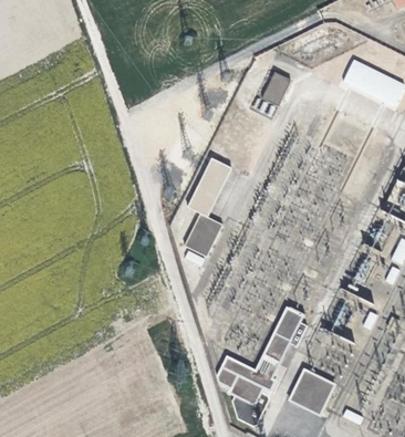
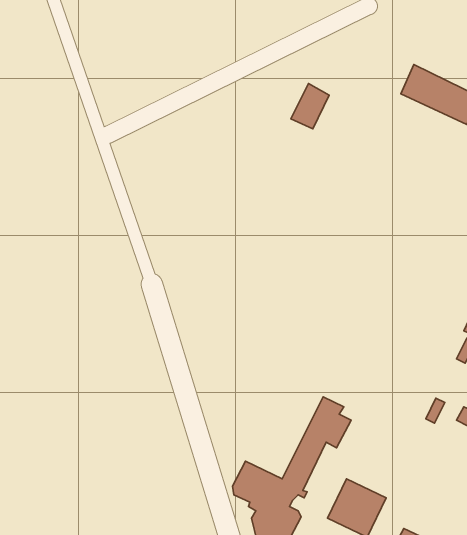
building: [184,158,230,256] -> none

